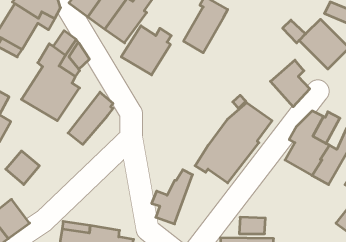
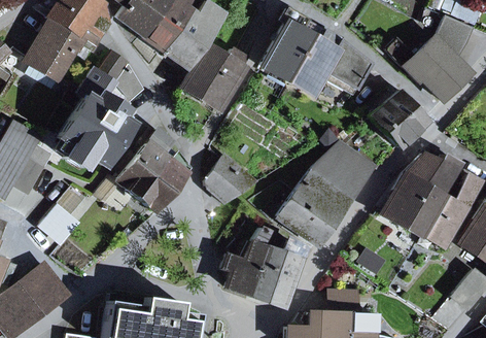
building: none -> [285,26,369,94]
building: none -> [134,150,187,211]
building: none -> [205,157,253,204]
building: none -> [249,234,301,305]

